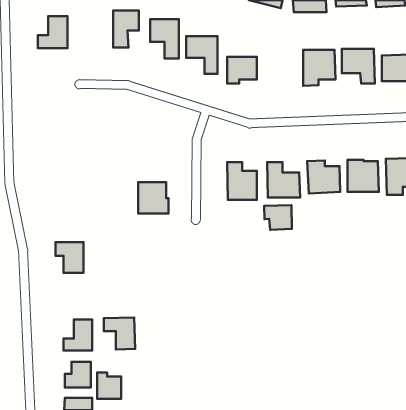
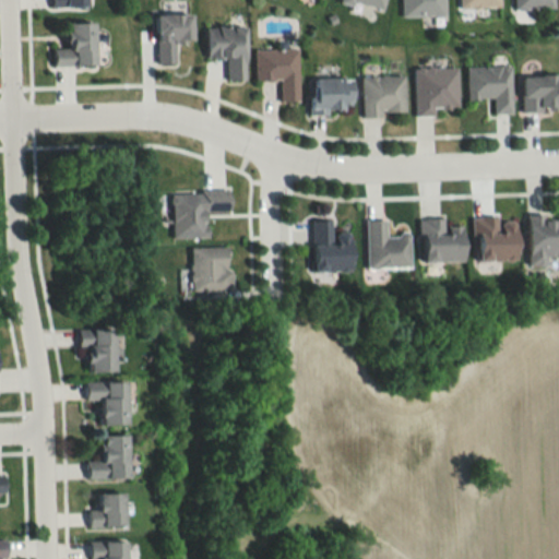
building: none -> [365,75,408,116]
building: none -> [175,191,233,238]
building: [264,205,292,230] -> none
building: [104,317,135,349] -> [88,381,131,425]
building: [97,372,121,399] -> none

